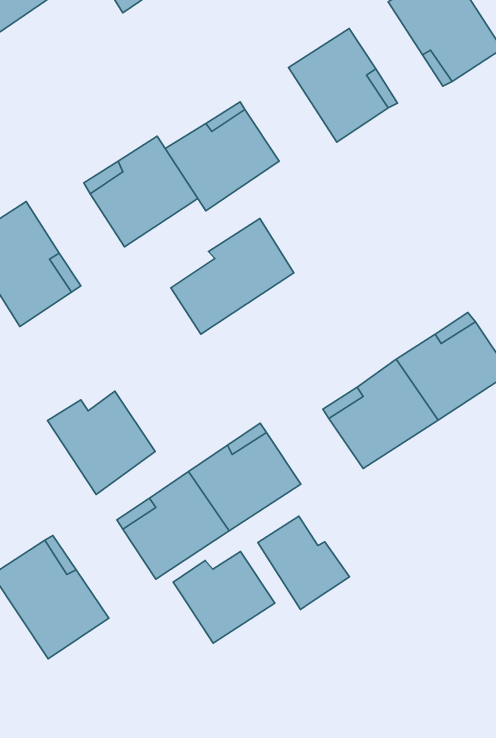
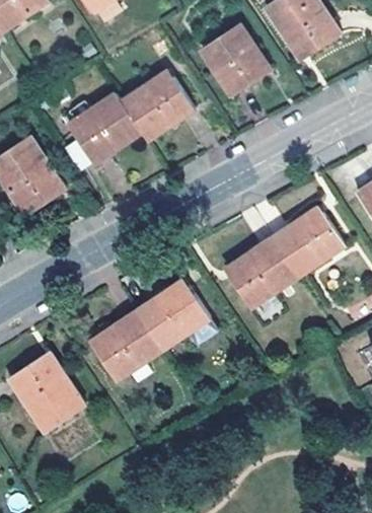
building: [171,218,294,334] -> none
building: [47,391,155,494] -> none
building: [258,516,349,609] -> none
building: [173,551,275,643] -> none

